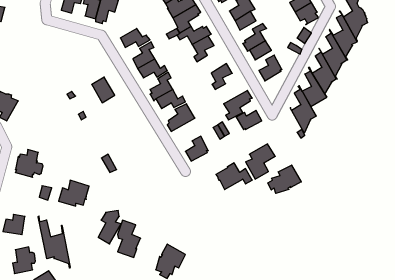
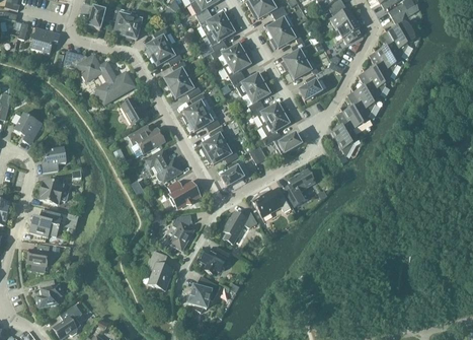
building: none -> [30,27,60,53]
building: none -> [144,27,172,57]
building: none -> [64,51,134,103]
building: none -> [232,73,266,96]
building: none -> [251,103,286,125]
building: none -> [128,125,164,153]
building: none -> [205,141,238,163]
building: none -> [42,146,66,172]
building: none -> [146,149,181,181]
building: none -> [167,181,200,208]
building: [268,165,301,193] -> none
building: [59,180,89,206] -> [29,209,62,236]
building: none -> [222,208,257,243]
building: [98,211,121,244] -> [169,214,193,250]
building: [38,216,70,268] -> none
building: none -> [201,246,230,274]

